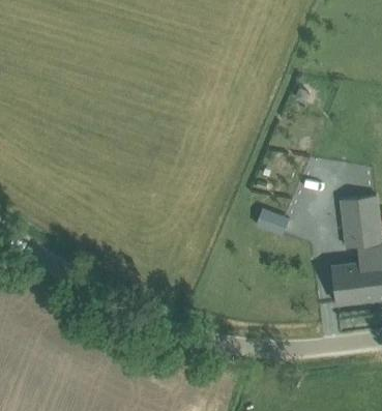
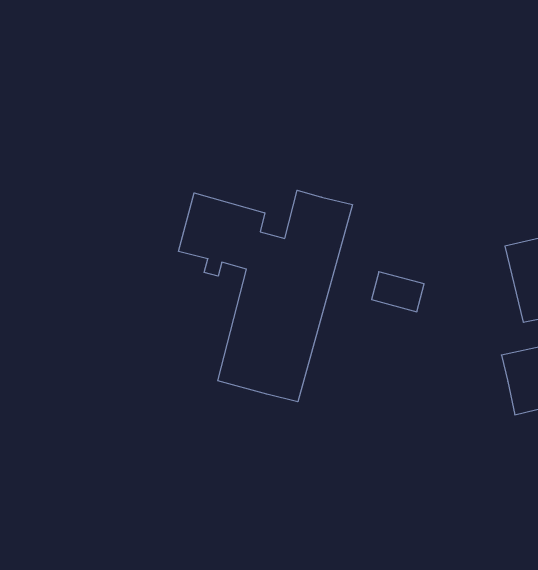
building: none -> [179,190,352,402]

